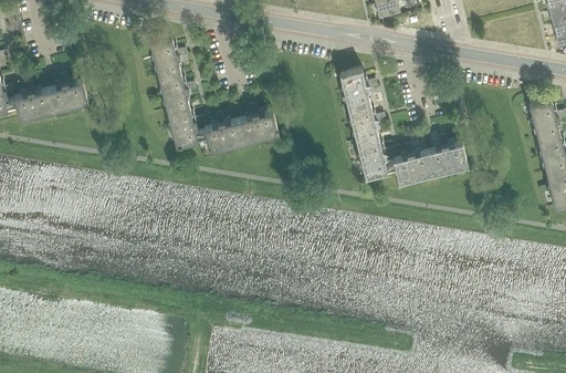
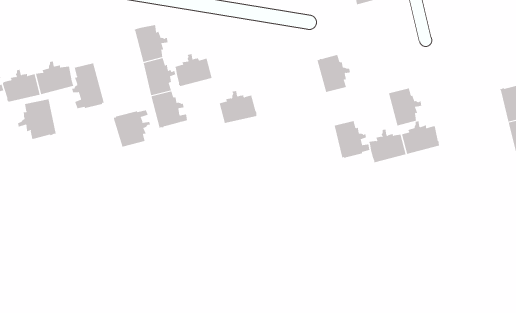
building: none -> [72,63,105,109]
building: [348,102,384,142] -> [388,88,422,126]
building: none -> [18,98,58,140]
building: [203,114,243,148] -> [174,54,212,87]
building: none -> [113,109,151,147]

